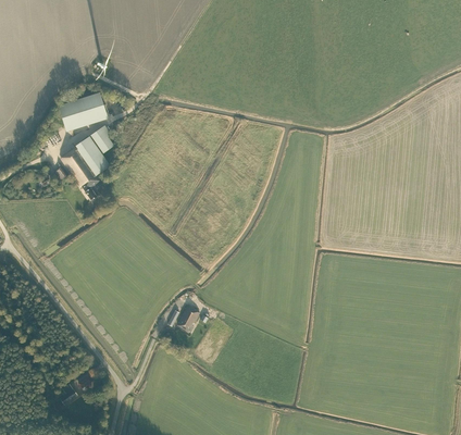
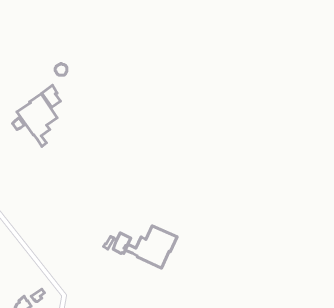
building: [58,94,107,128] -> none
building: none -> [125,226,177,268]

